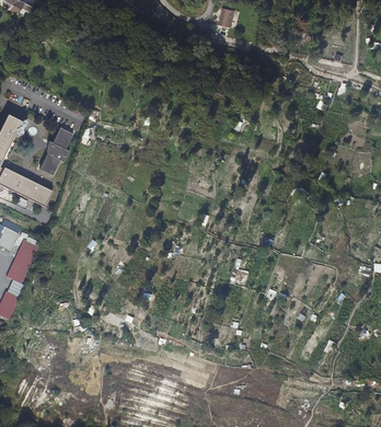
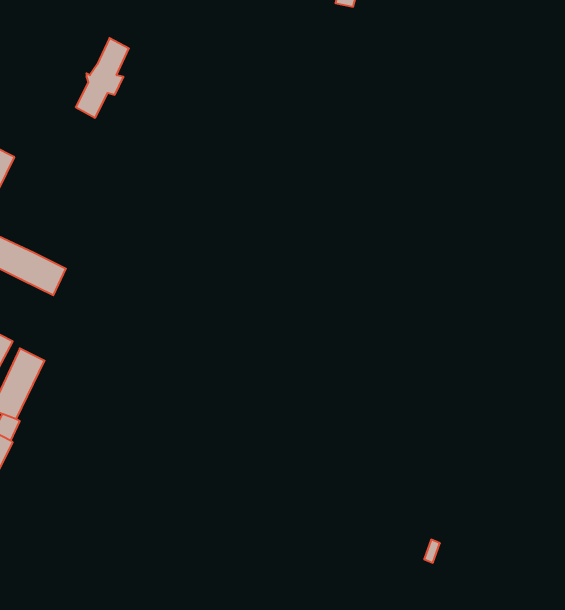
building: [41,126,73,175] -> [76,38,129,118]

